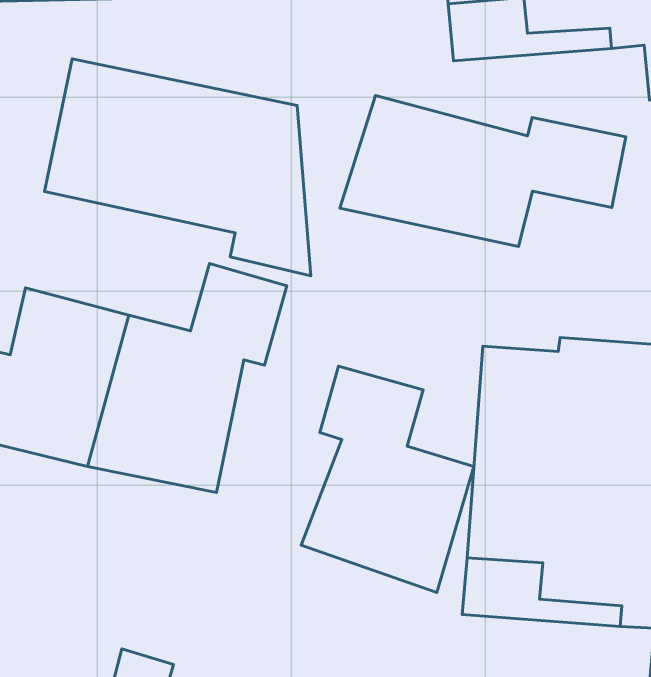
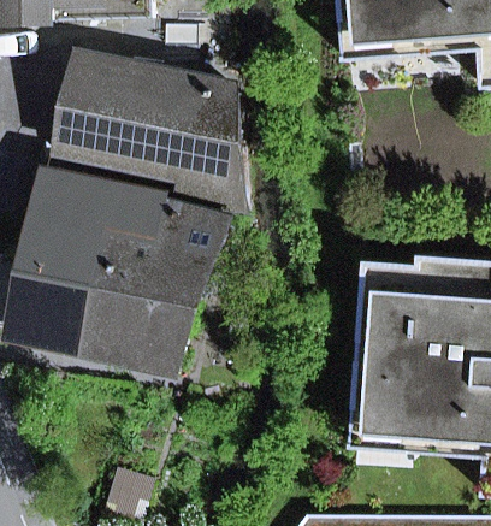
building: [340,96,626,247] -> none
building: none -> [48,164,177,243]
building: [301,366,474,592] -> none

